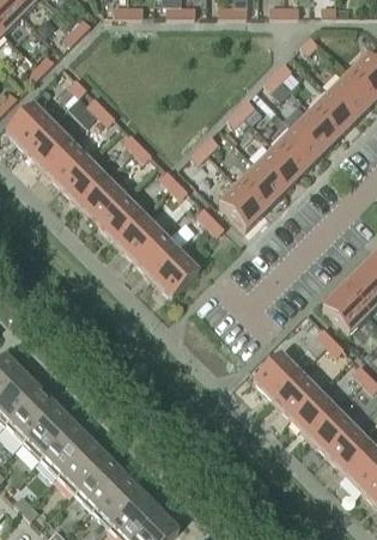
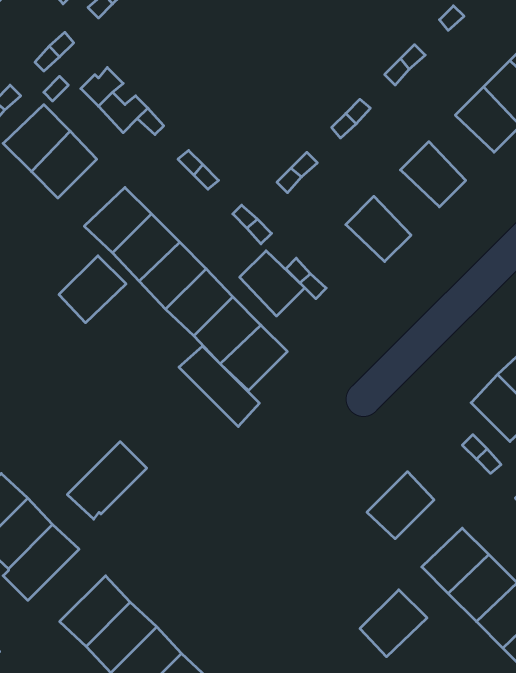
building: [294,111,339,156] -> none
building: [43,141,89,187] -> [59,256,126,323]
building: [257,148,302,193] -> none
building: [220,186,264,230] -> [240,251,305,316]
building: none -> [179,346,259,427]
building: [272,372,317,418] -> [360,590,427,657]
building: [22,406,75,459] -> [67,442,147,519]

